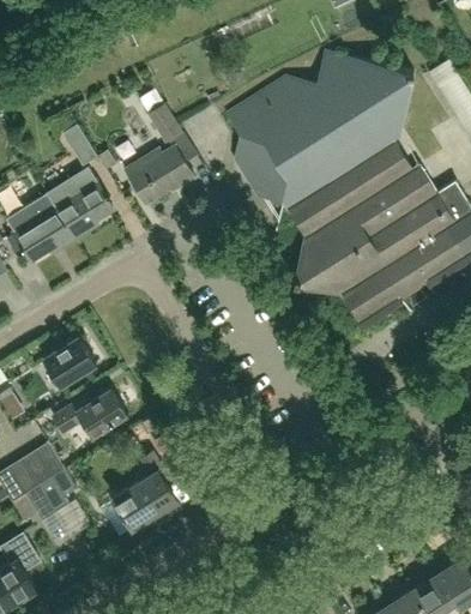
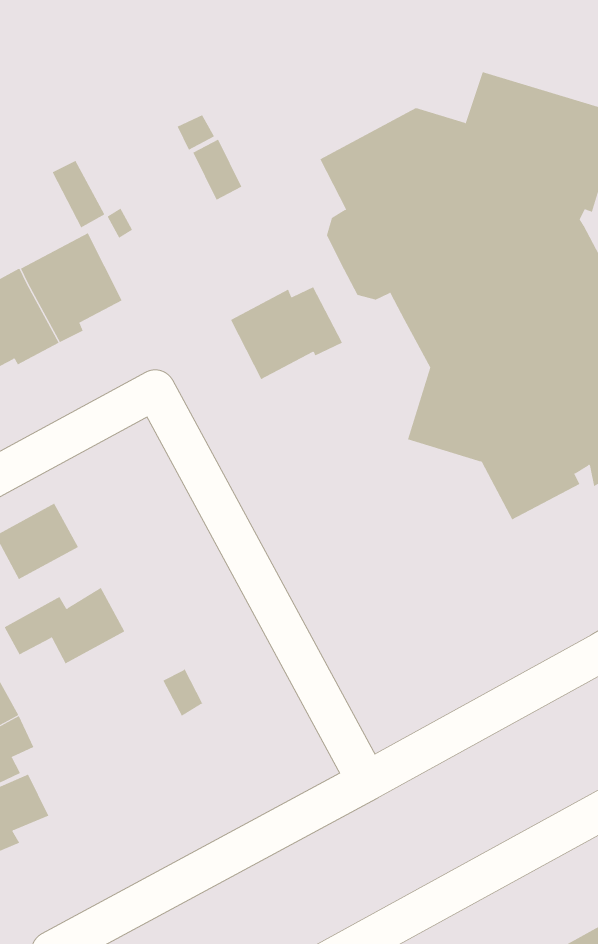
building: [123,144,194,204] -> [230,287,343,380]
building: [113,451,181,529] -> none

